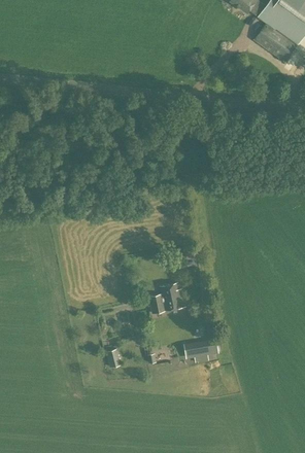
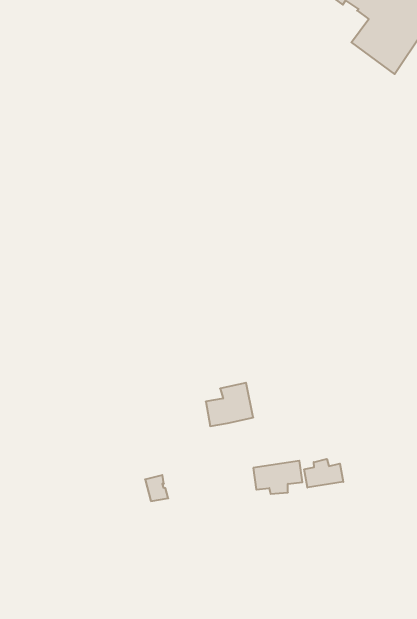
building: none -> [304,459,343,488]

